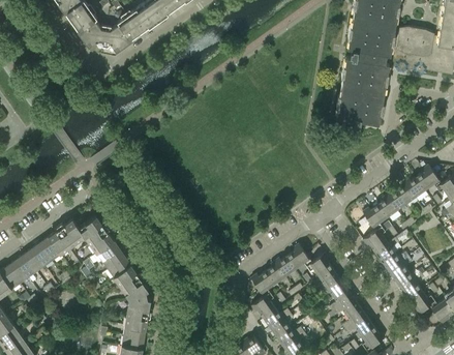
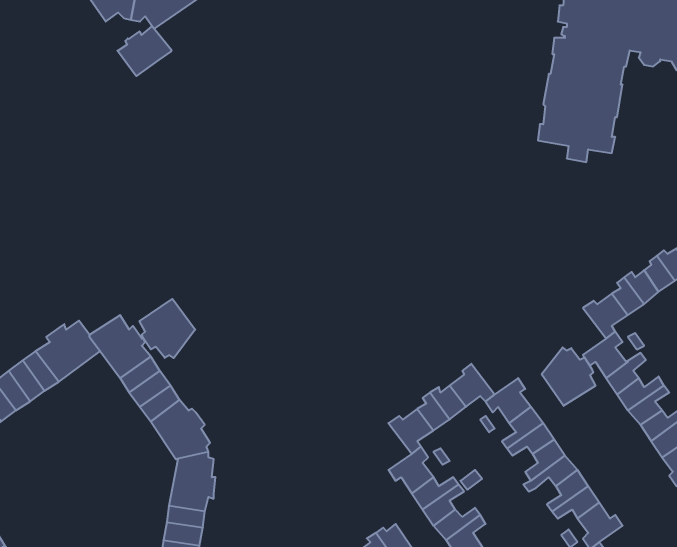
building: none -> [117,26,171,76]
building: none -> [140,299,195,358]
building: none -> [542,347,595,406]

